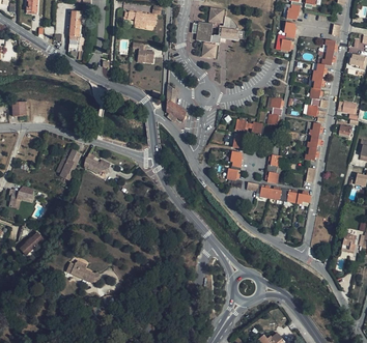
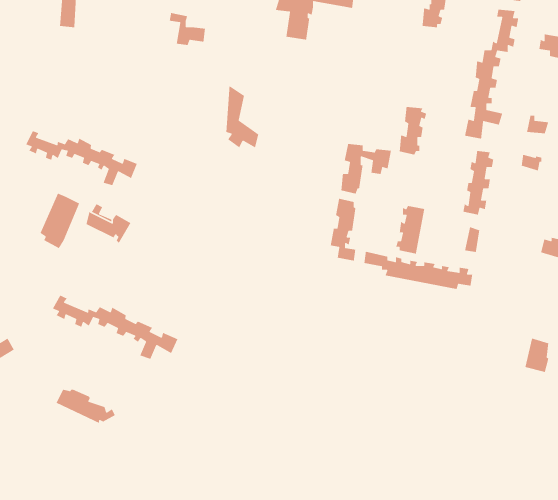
building: none -> [25,130,138,186]
building: none -> [52,295,178,360]

